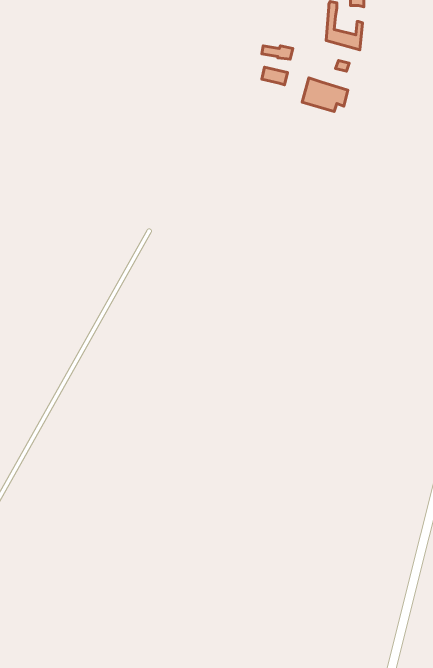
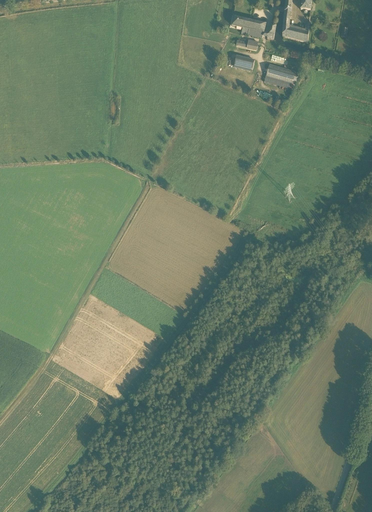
building: none -> [231,15,265,37]

